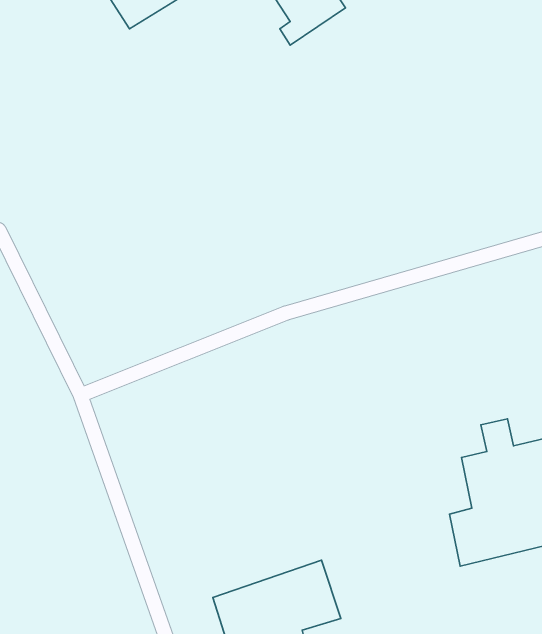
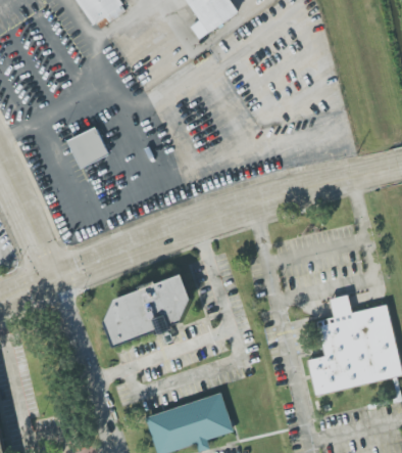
building: none -> [68,126,110,167]
building: none -> [105,273,193,346]

